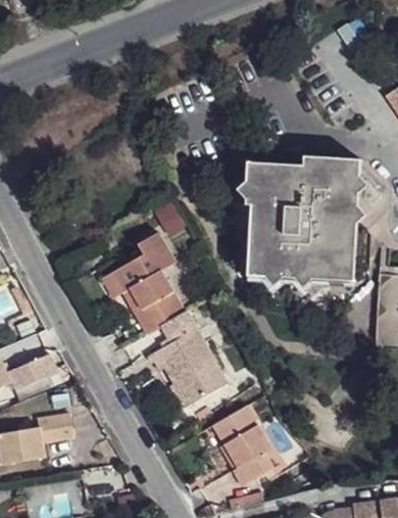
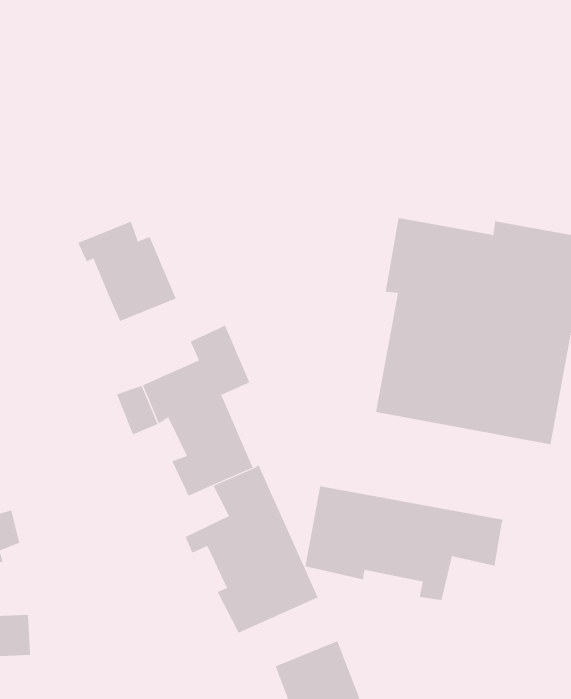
building: none -> [77,221,176,322]
building: none -> [305,485,503,601]

